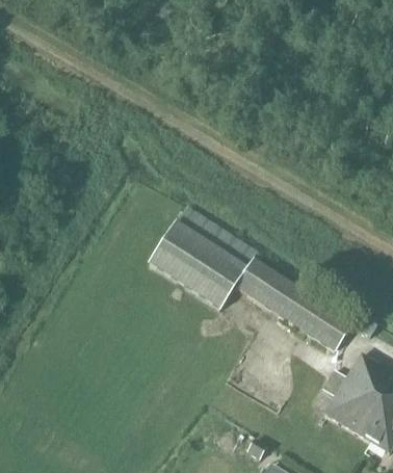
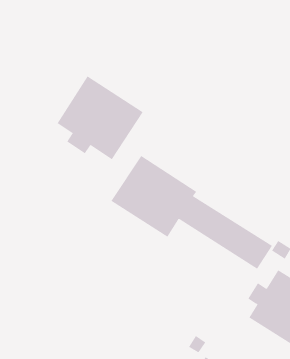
building: none -> [57,76,143,160]

